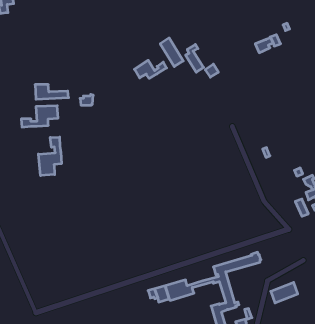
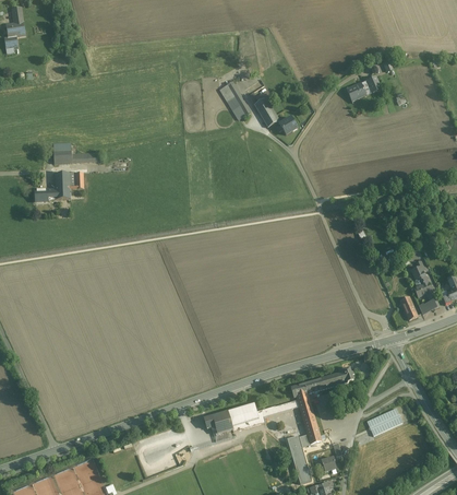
building: [134,60,167,78] -> none
building: [38,137,61,176] -> none

